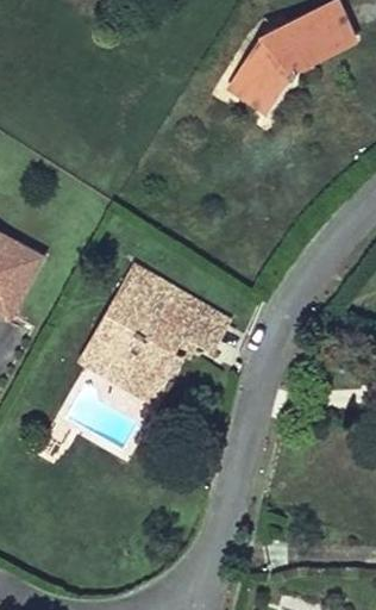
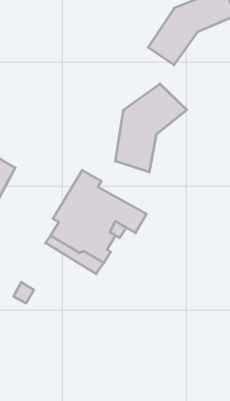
building: none -> [115,84,187,172]

